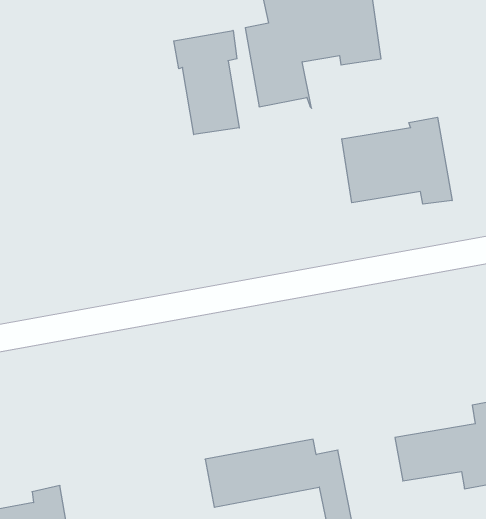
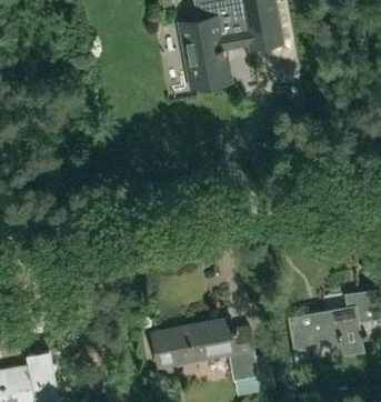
building: [174,30,239,135] -> none
building: [342,117,452,204] -> none

